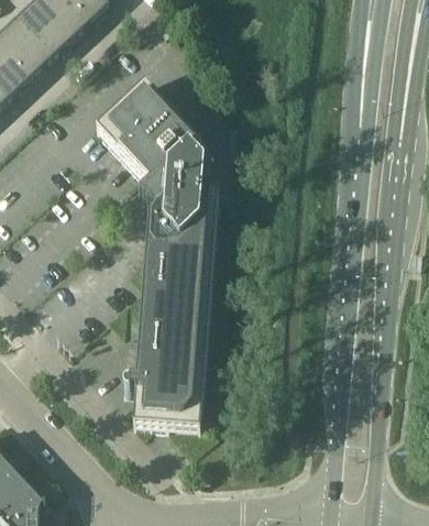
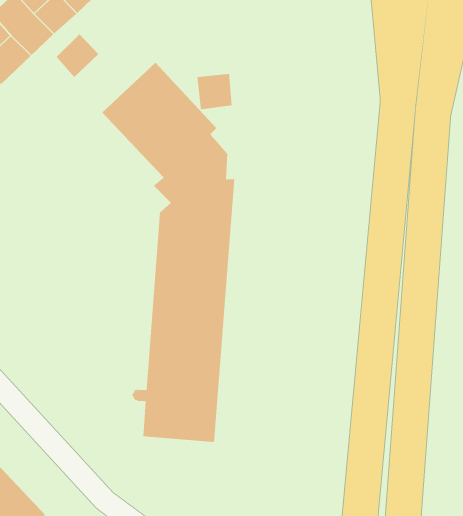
building: none -> [56,33,99,78]
building: none -> [197,73,232,110]

